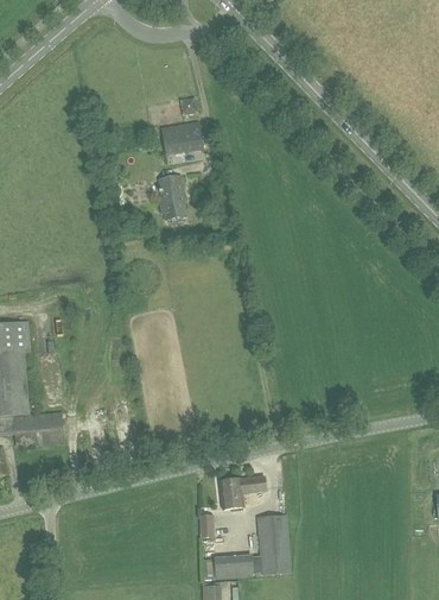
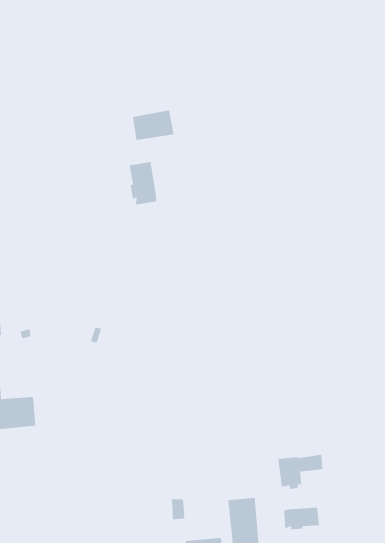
building: [218,474,265,510] -> [277,454,323,489]
building: none -> [283,507,319,530]

